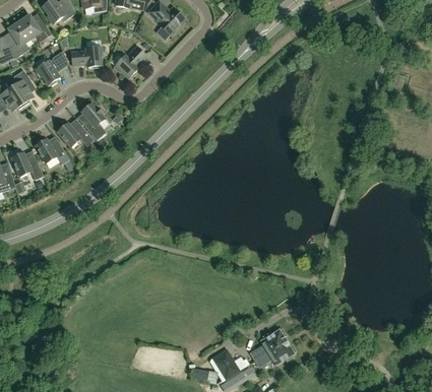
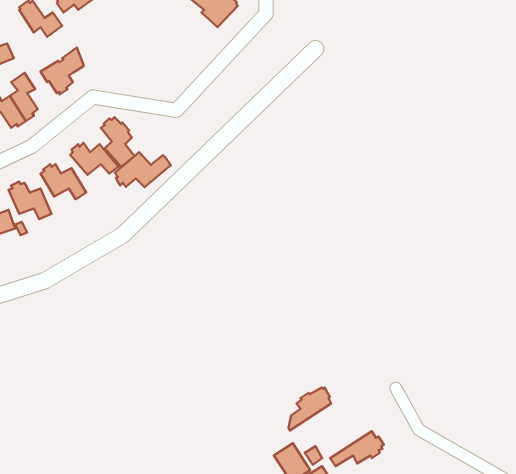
building: [8,21,29,58] -> none
building: [70,46,101,68] -> none
building: [113,46,146,78] -> none
building: none -> [115,152,171,187]
building: [253,328,286,361] -> [288,387,331,430]

